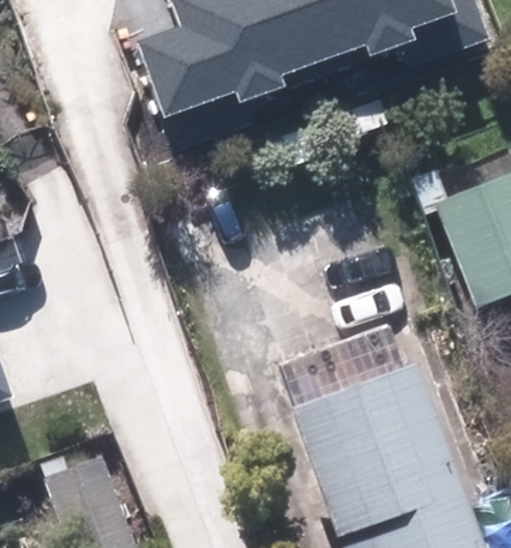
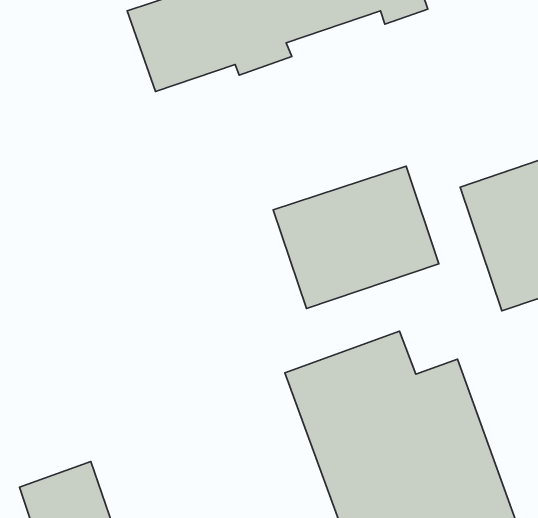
building: none -> [273,166,439,308]

